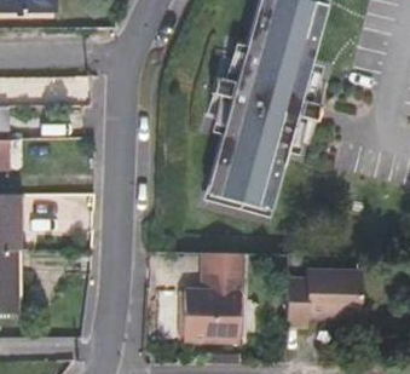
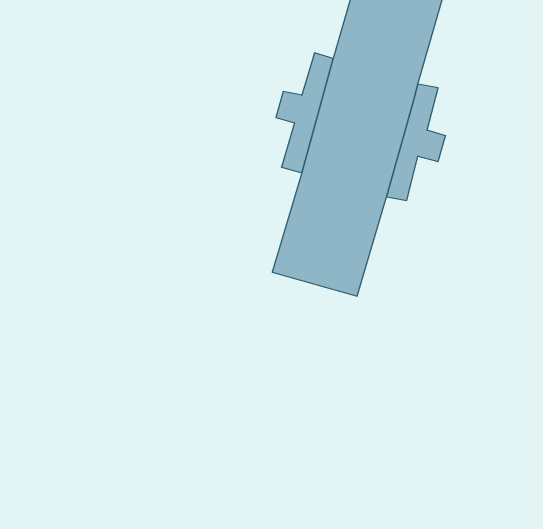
building: [185,253,246,341] -> none
building: [287,271,363,326] -> none

